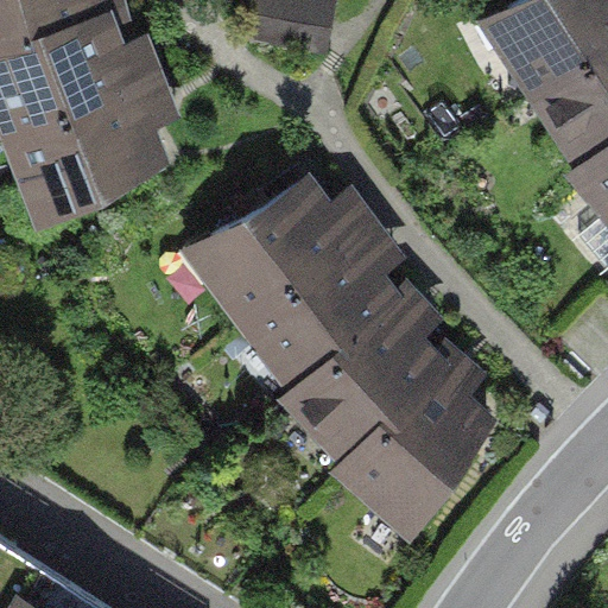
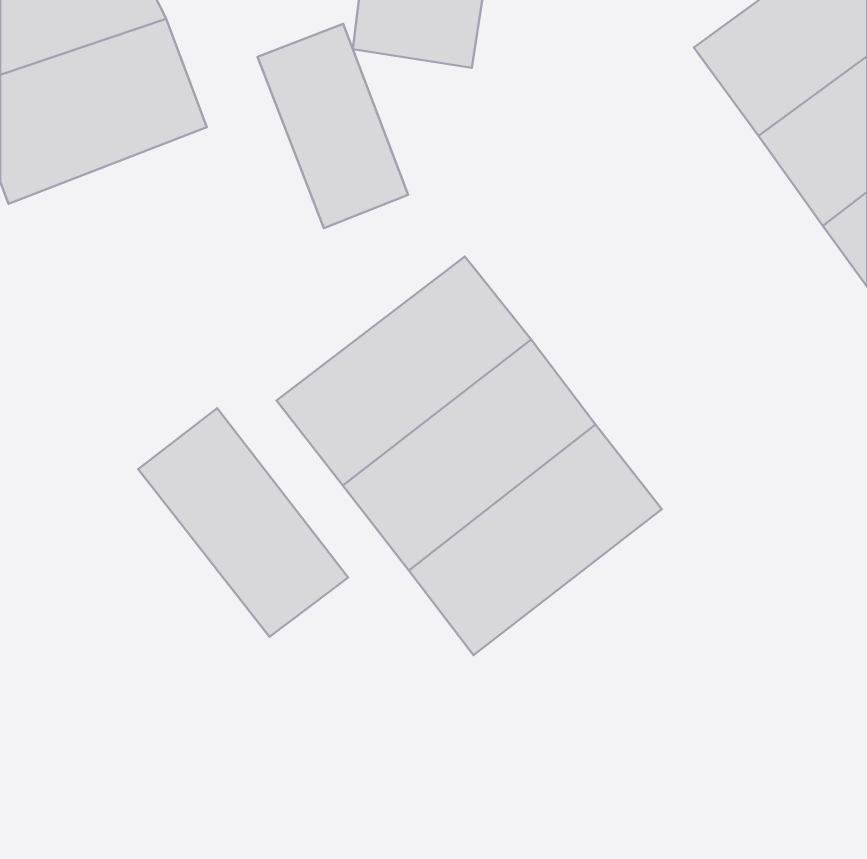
building: none -> [258,24,408,228]
building: [6,89,175,217] -> none
building: none -> [138,408,348,637]
building: [331,356,509,517] -> none

